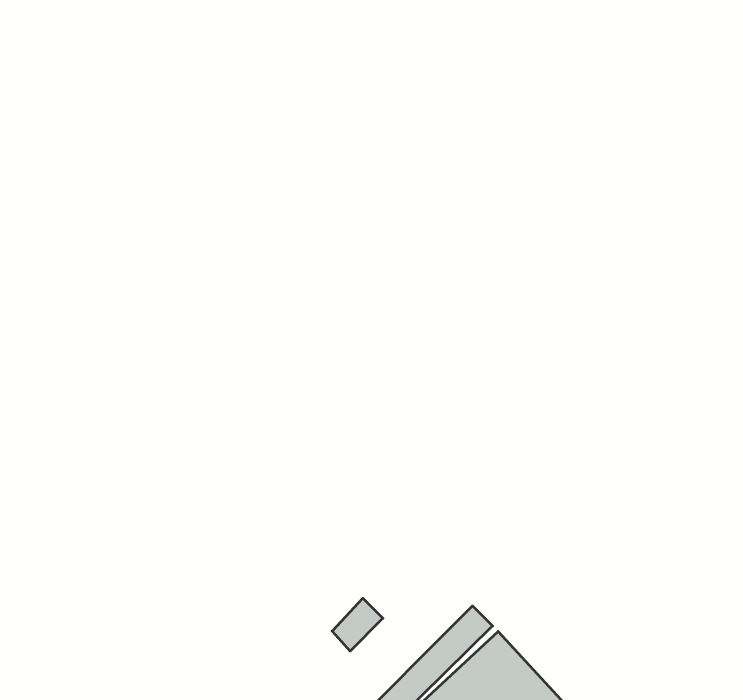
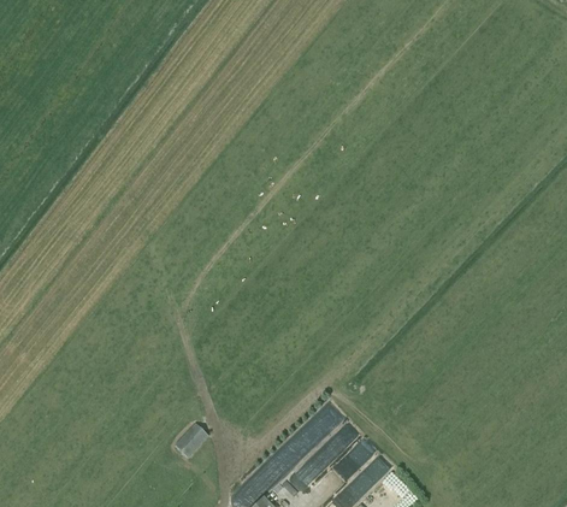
building: [332,598,383,651] -> [175,423,208,458]

